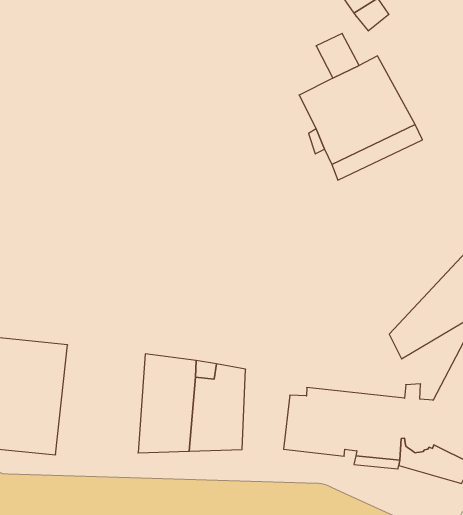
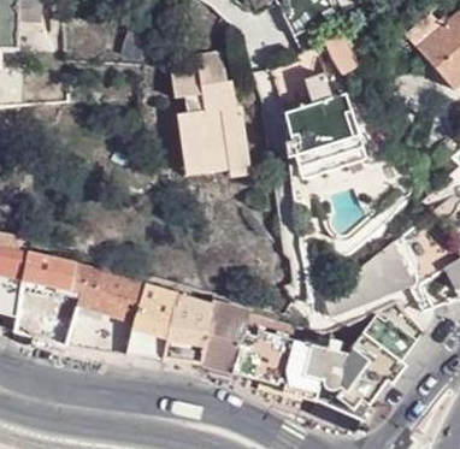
building: none -> [169,48,250,177]
building: none -> [65,266,142,353]
building: none -> [201,302,248,370]

